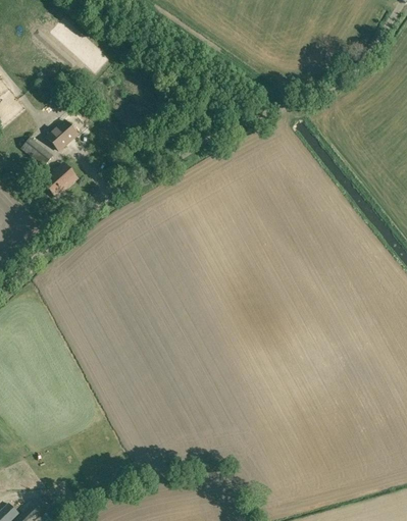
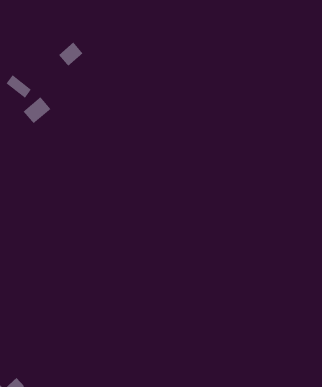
building: [46,121,77,152] -> [58,42,84,67]

